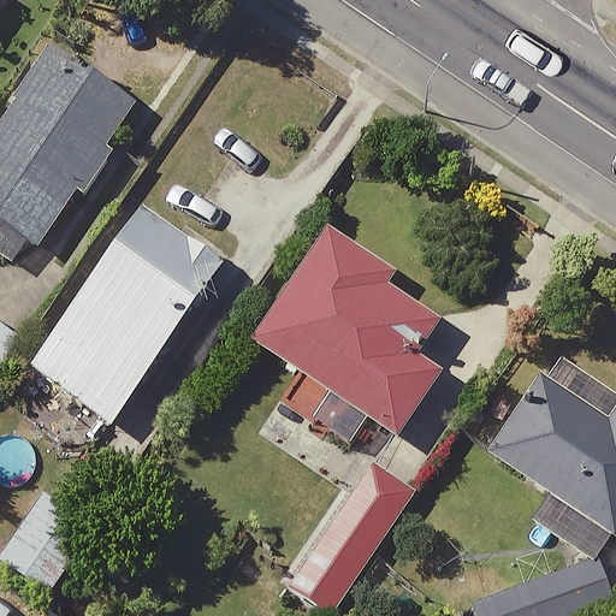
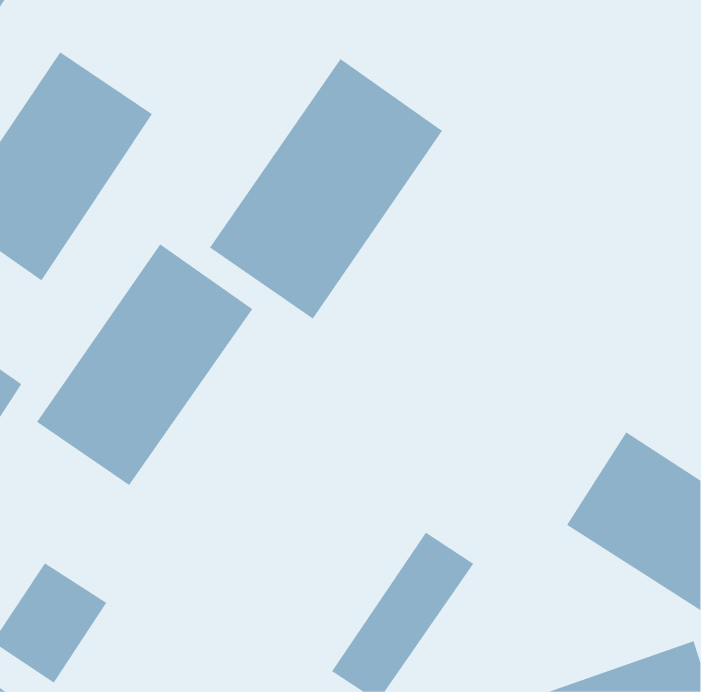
building: none -> [209,58,443,319]
building: [254,226,446,438] -> none

